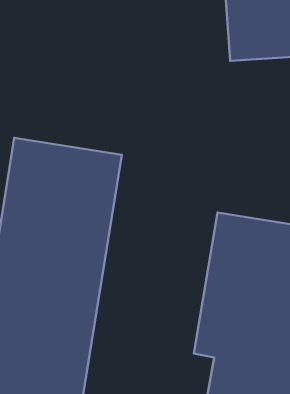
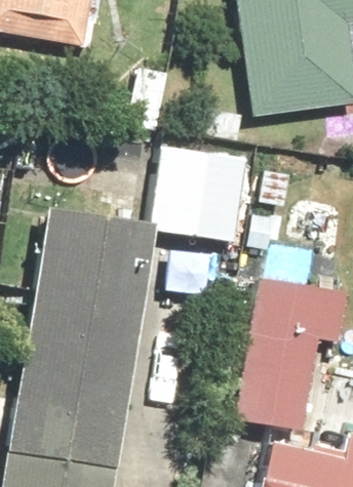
building: none -> [143,140,240,240]

